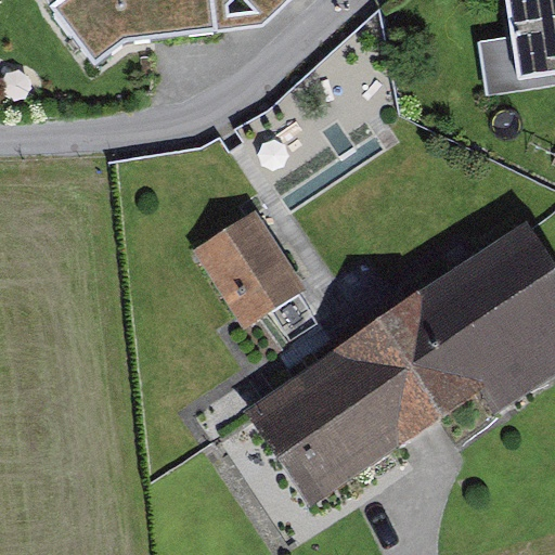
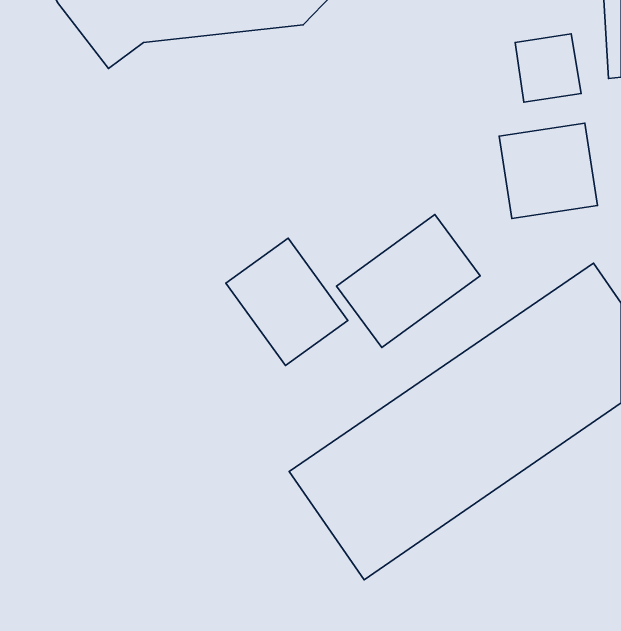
building: none -> [499,123,598,218]
building: none -> [337,214,480,347]

